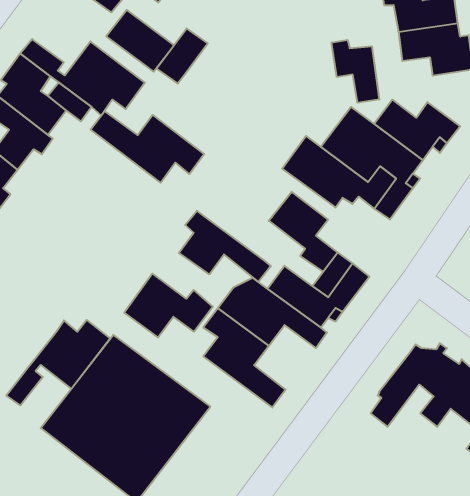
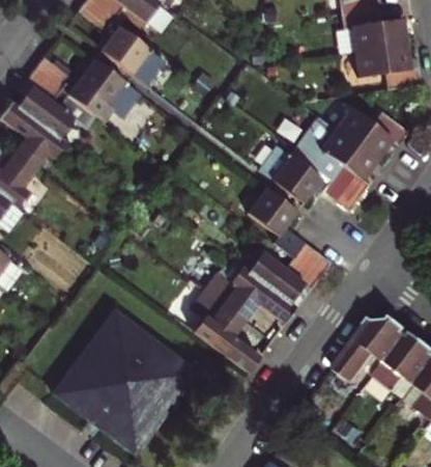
building: [157,28,208,84] -> none
building: [332,40,379,103] -> none
building: [91,111,204,183] -> none
building: [179,211,271,282] -> none
building: [124,274,213,337] -> none
building: [6,320,110,405] -> none

